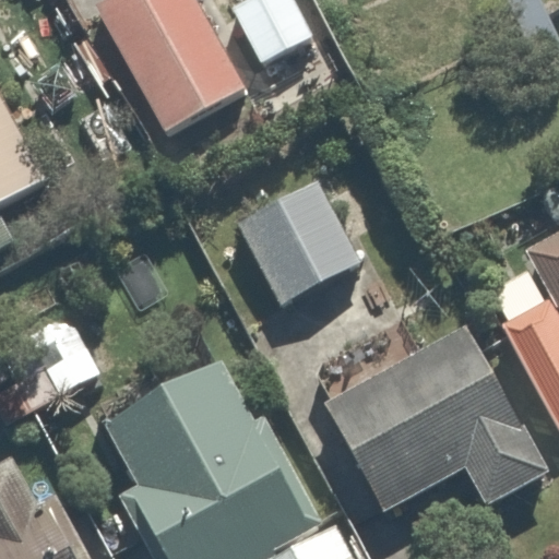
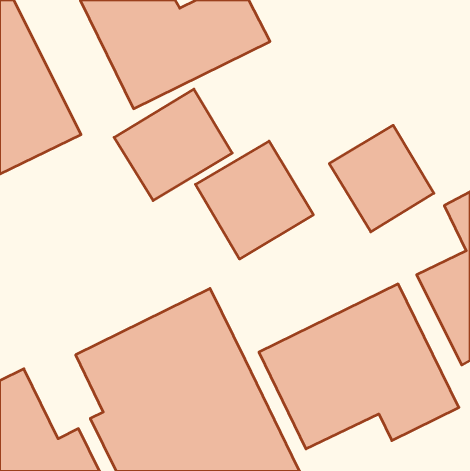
building: none -> [114,89,232,201]
building: none -> [329,125,434,232]

